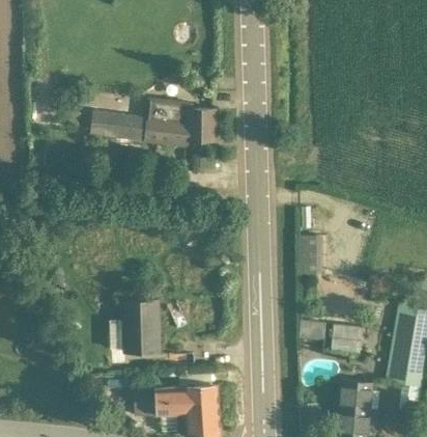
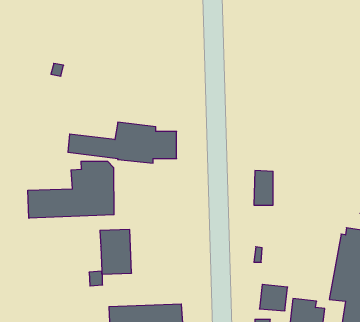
building: [90,101,215,147] -> [68,122,177,163]
building: none -> [28,161,114,218]
building: [331,324,363,354] -> [259,284,288,311]

